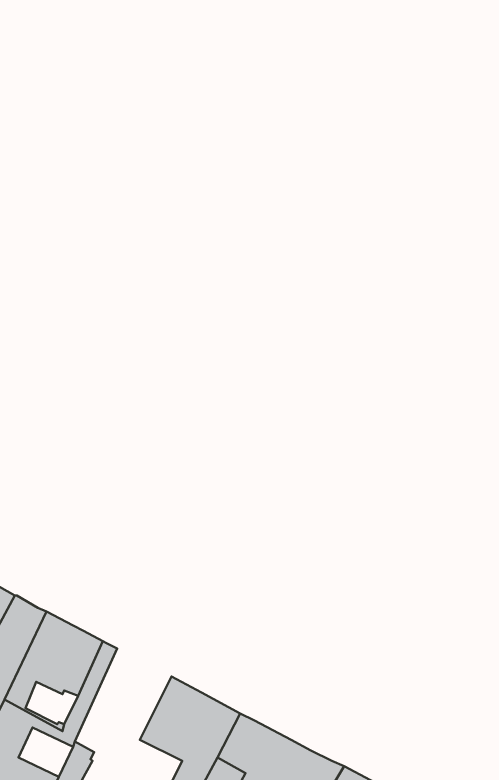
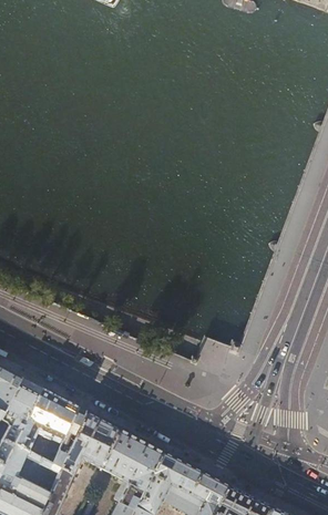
building: none -> [59,412,120,477]

